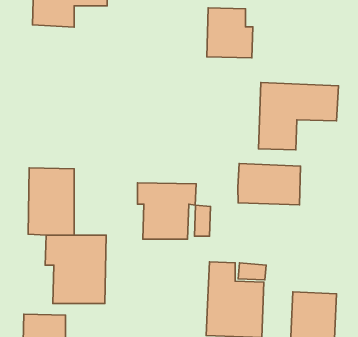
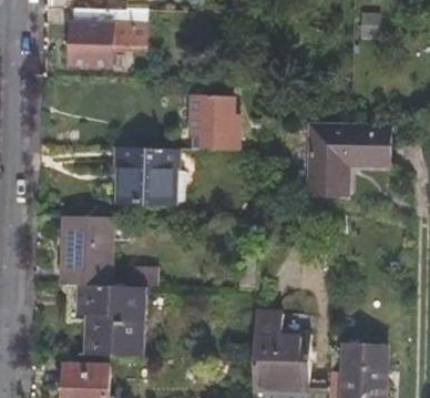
building: [207,8,253,58] -> [188,98,236,150]
building: [238,163,300,205] -> none
building: [137,183,196,239] -> [117,147,178,206]

